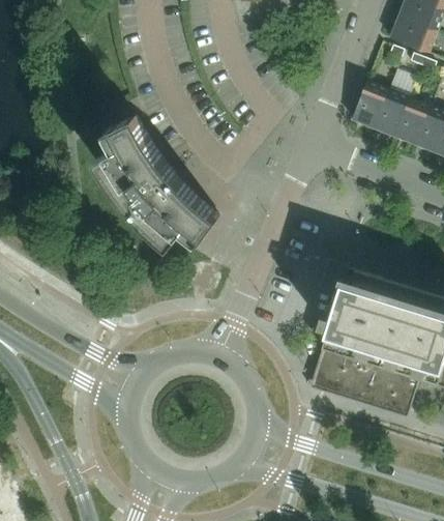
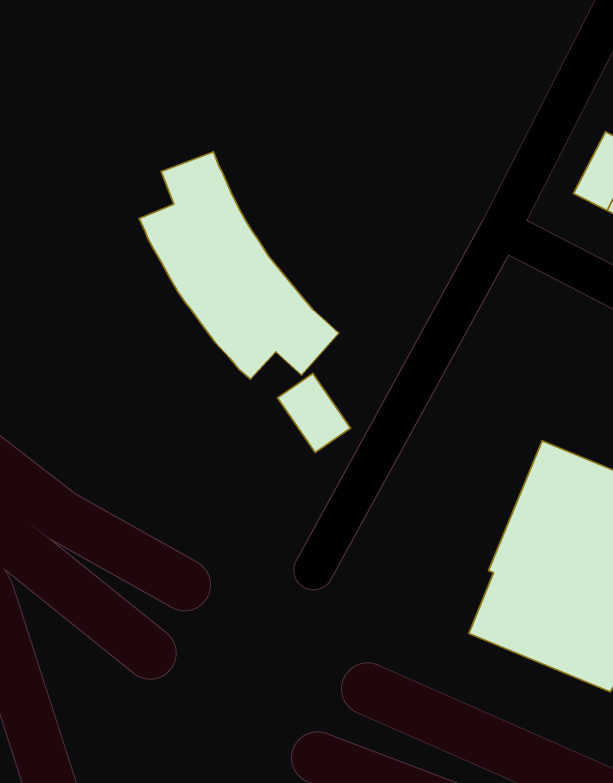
building: none -> [277,374,351,452]

